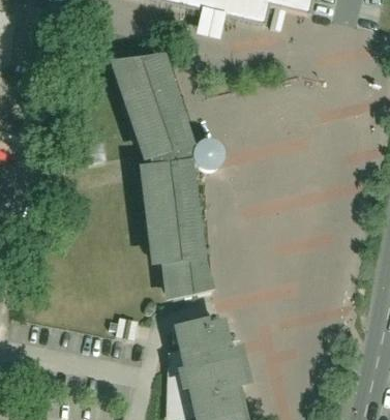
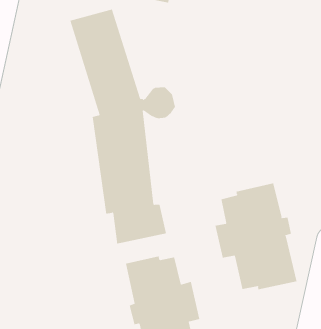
building: none -> [215,183,297,290]

